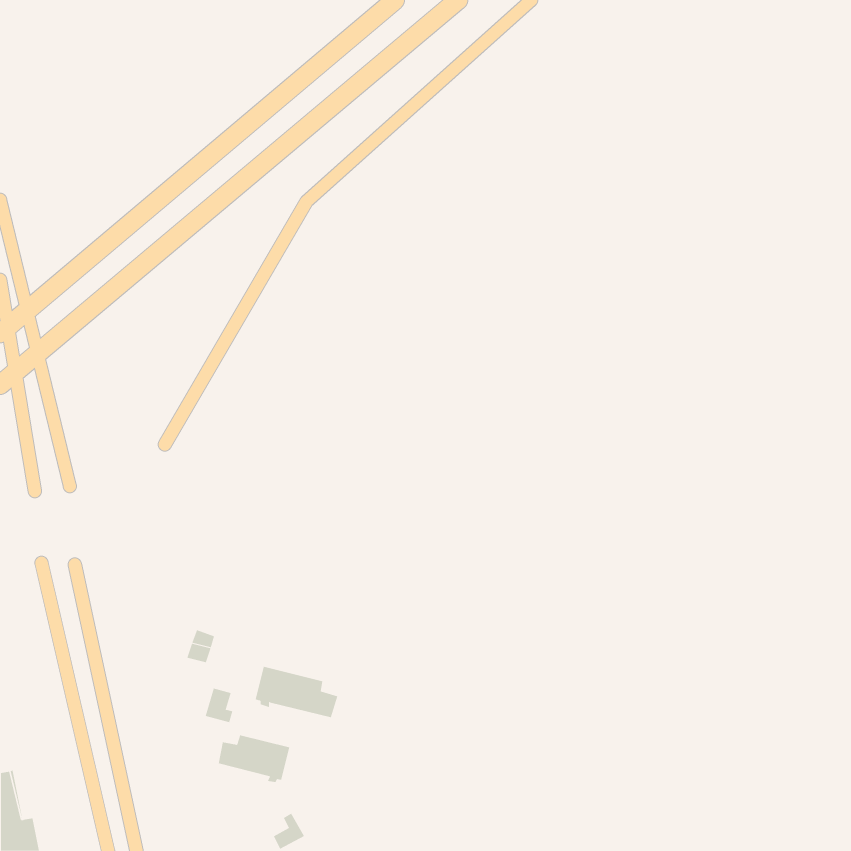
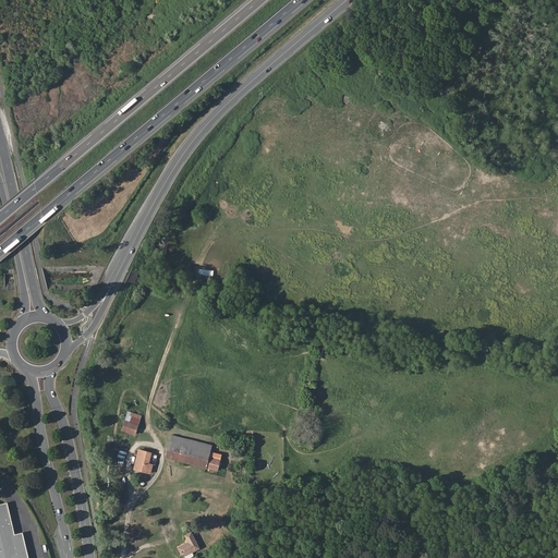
building: [218,734,290,783] -> none

